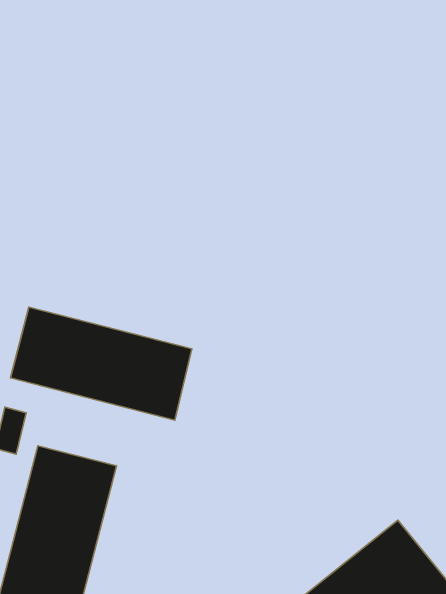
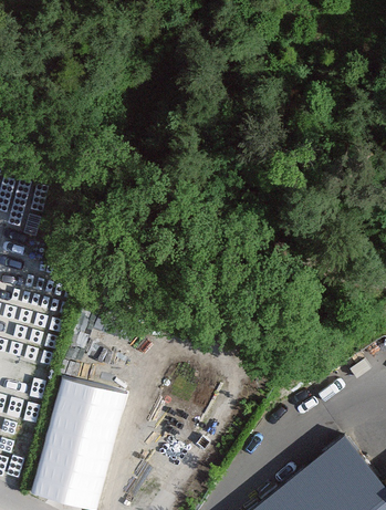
building: [10,307,192,420] -> none

